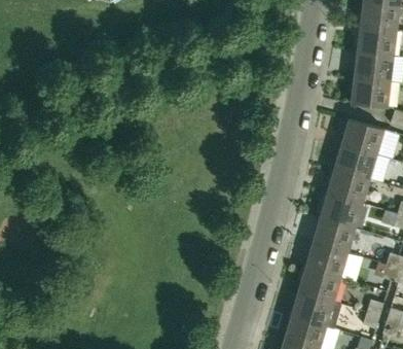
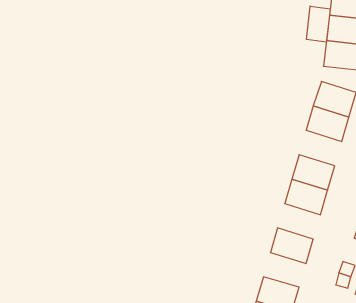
building: none -> [306,6,330,42]
building: [327,168,370,204] -> none
building: [305,242,349,278] -> none
building: [291,291,341,329] -> none

